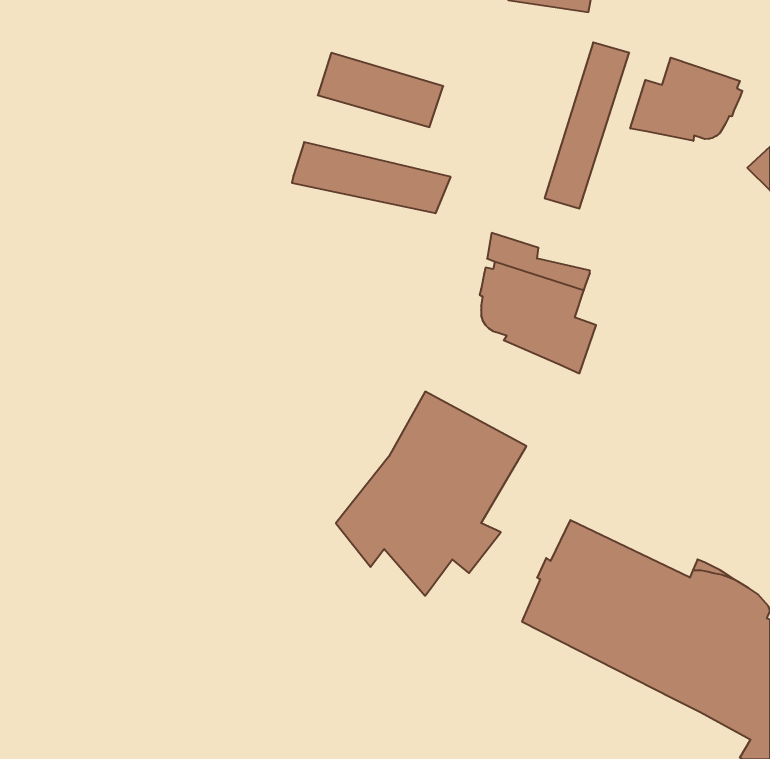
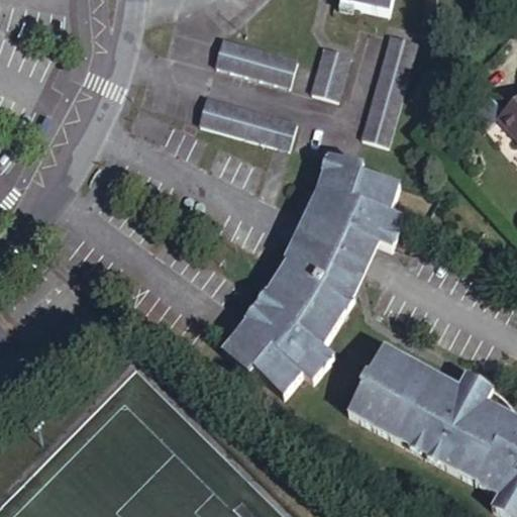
building: [630,58,742,141] -> none
building: none -> [310,43,351,100]
building: none -> [281,193,374,298]

